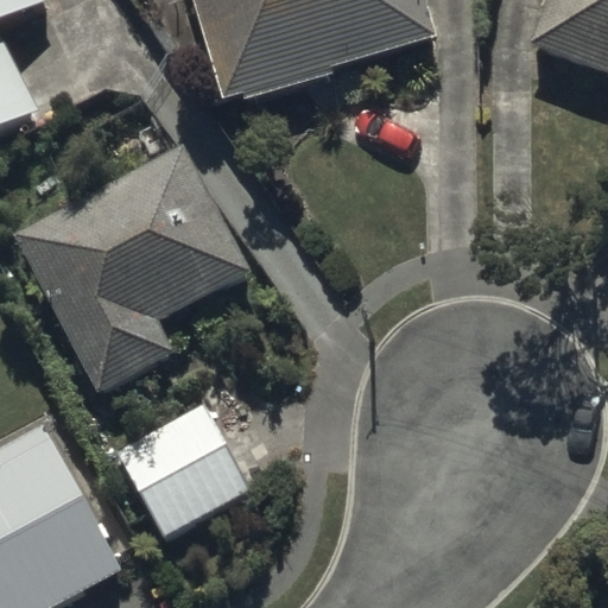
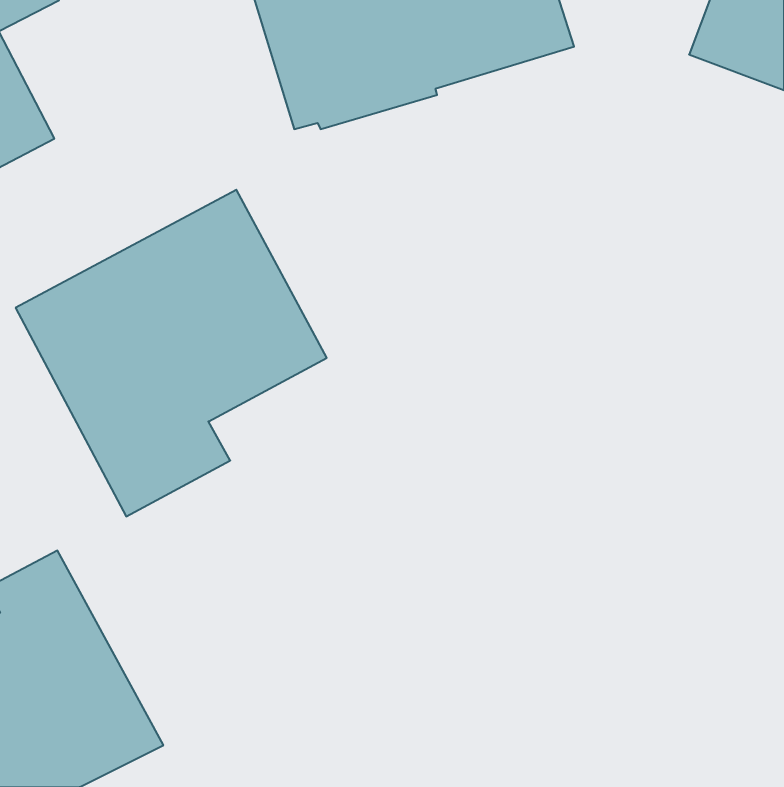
building: [115,405,249,540] -> none

